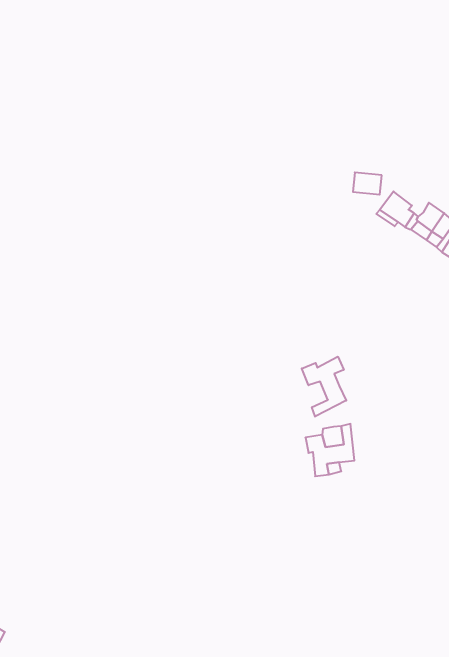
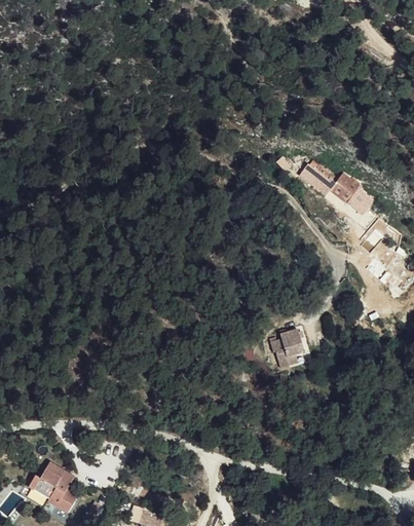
building: [302,357,346,417] -> none

